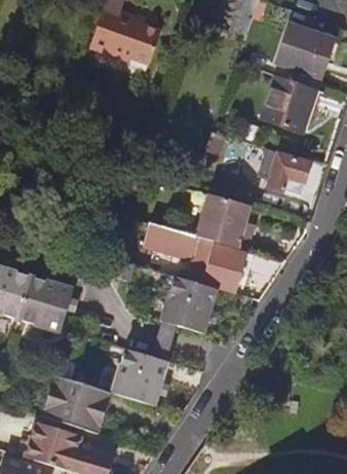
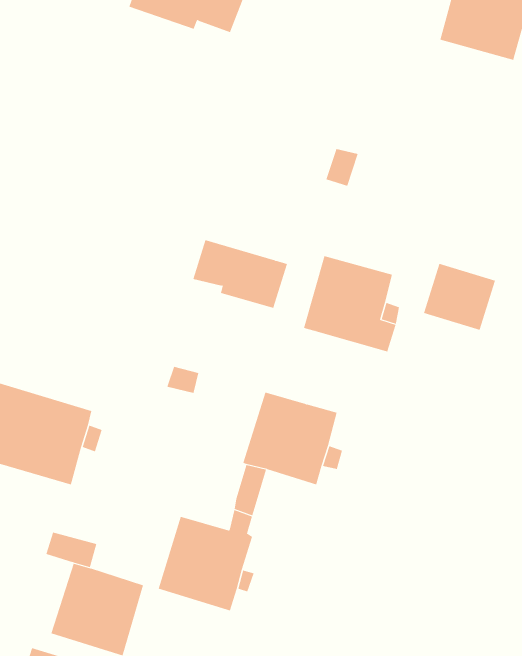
building: [265,78,316,133] -> none
building: [268,152,311,192] -> [423,263,496,330]
building: [147,224,203,265] -> [193,240,288,309]
building: [198,244,245,292] -> none

